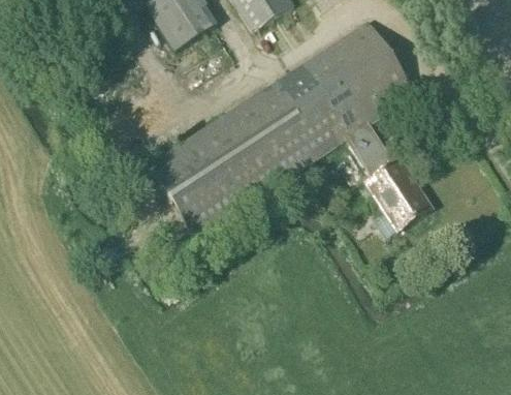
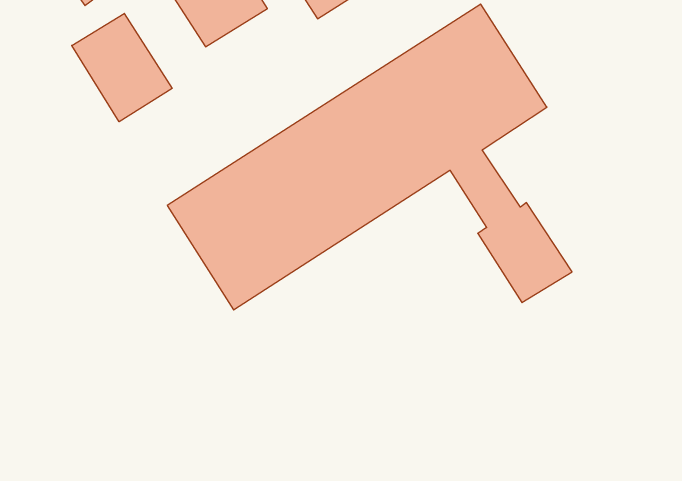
building: none -> [72,13,172,122]

